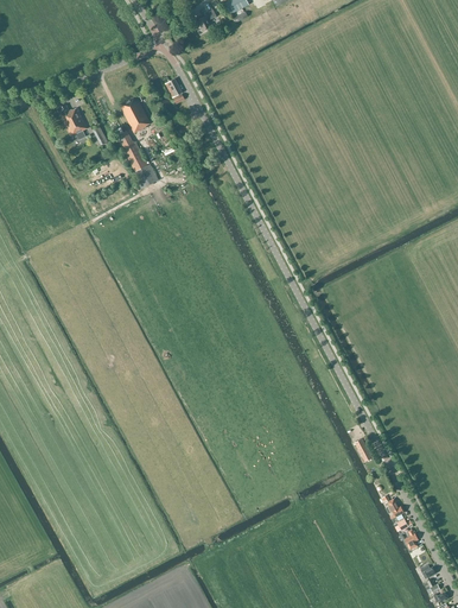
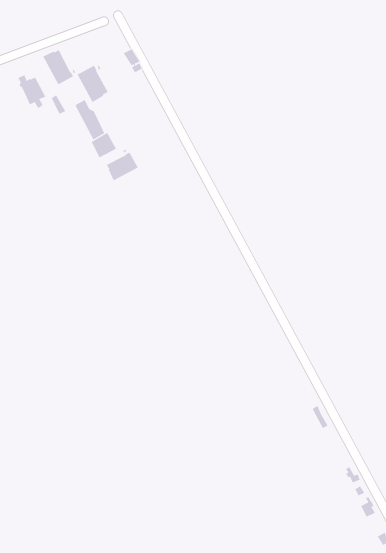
building: none -> [43,49,76,85]
building: none -> [106,149,138,181]

